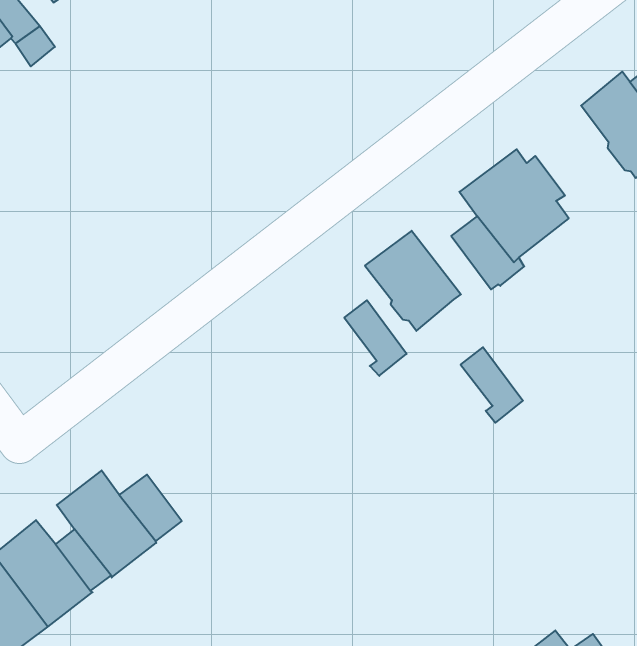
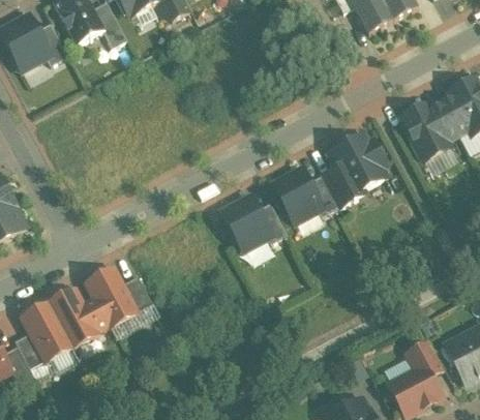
building: none -> [222,194,271,248]
building: [461,347,523,423] -> [308,174,338,215]

